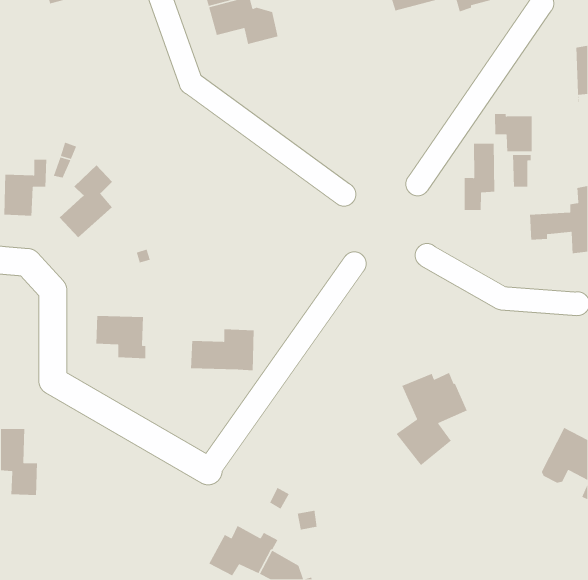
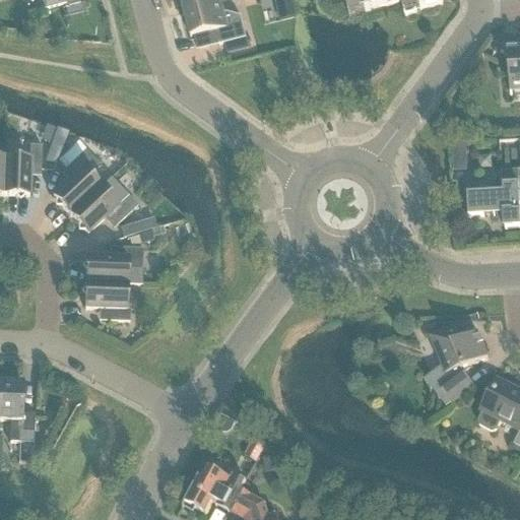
building: [494,113,533,152] -> none
building: [464,143,495,211] -> none
building: none -> [69,183,137,230]
building: [190,329,255,371] -> [85,243,142,280]
building: [395,372,468,466] -> [424,319,488,402]

